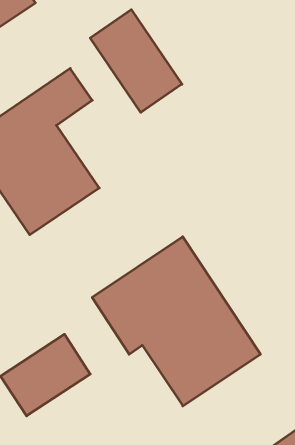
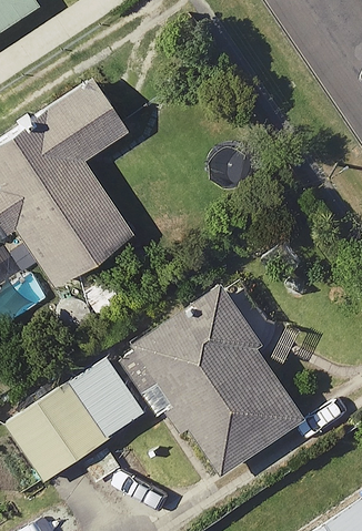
building: [90,10,182,112] -> none

